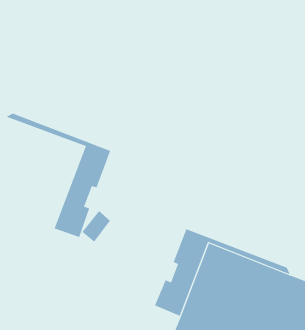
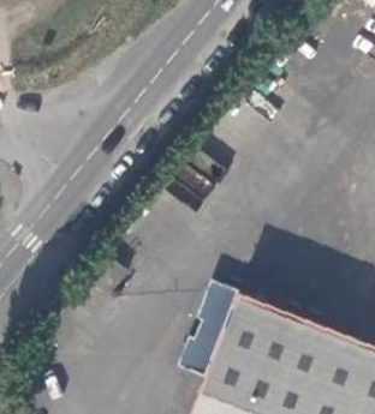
building: [5,113,111,238] -> none

